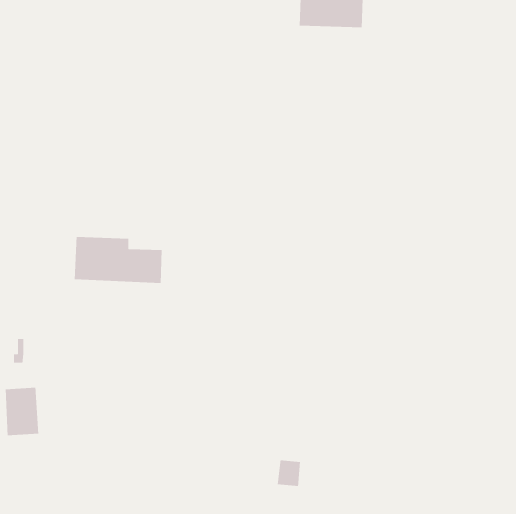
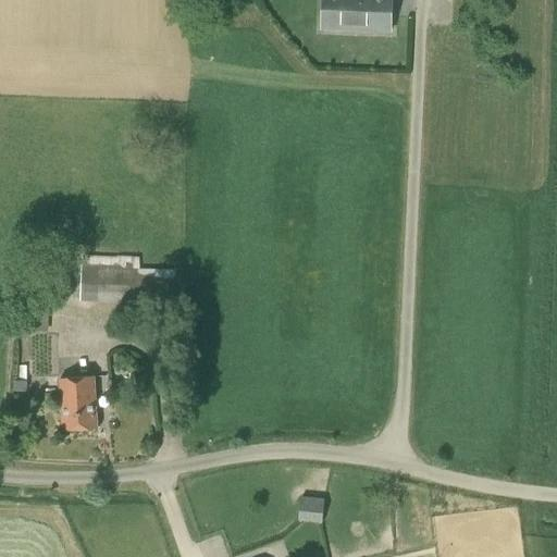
building: [5,387,39,436] -> [60,376,97,430]

